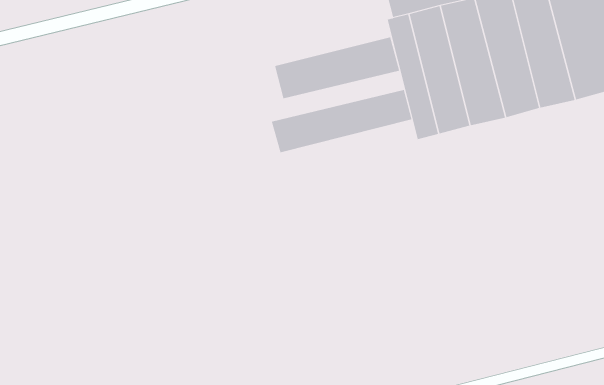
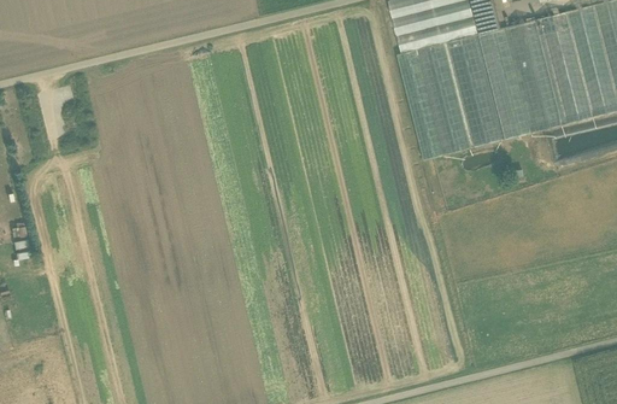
building: [274,36,400,99] -> none
building: [271,89,412,153] -> none

